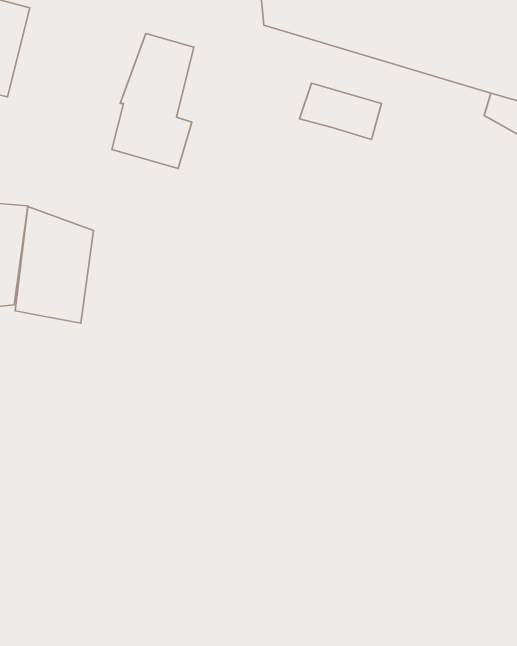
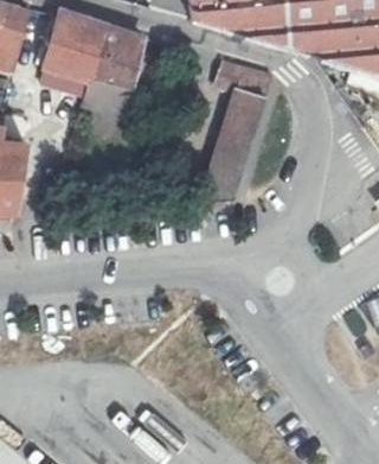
building: none -> [41,9,109,80]
building: none -> [203,90,265,202]
building: [15,206,94,323] -> none

